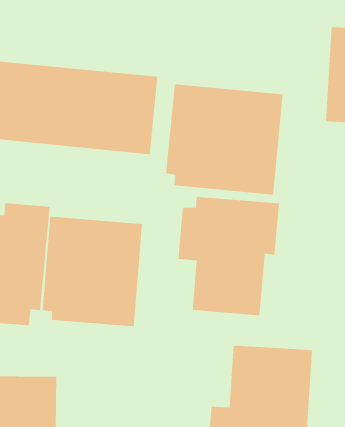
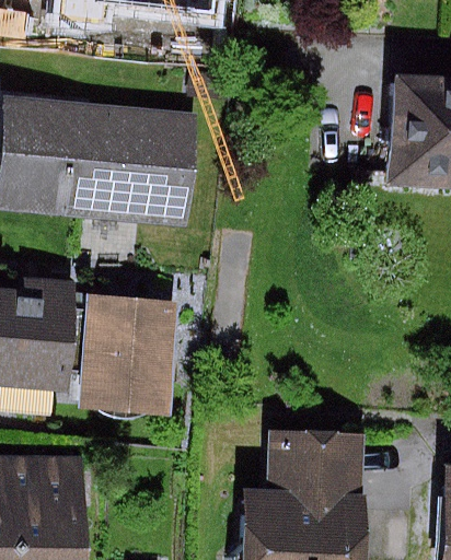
building: [166,83,283,196] -> none
building: [178,196,279,316] -> none

